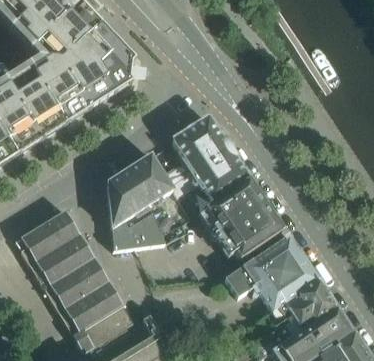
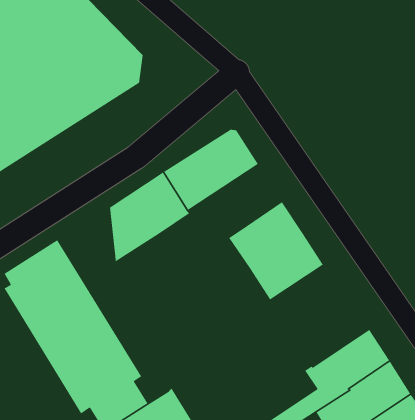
building: [171,146,248,200] -> none
building: [112,203,163,247] -> none
building: [225,234,319,311] -> none

